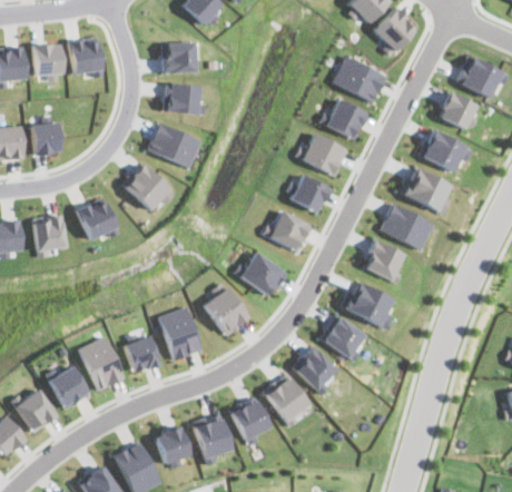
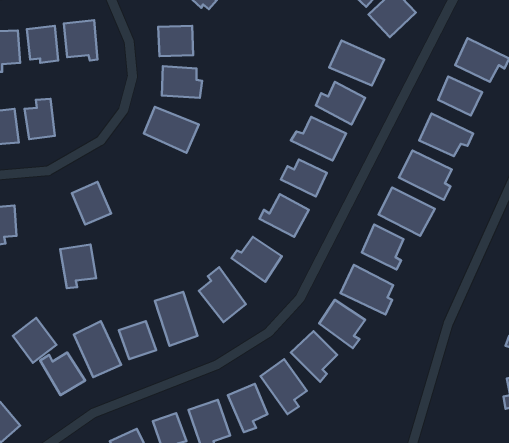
building: [122,161,176,210] -> none
building: [32,214,68,257] -> [60,245,96,288]
building: [14,388,58,433] -> [13,318,57,363]

